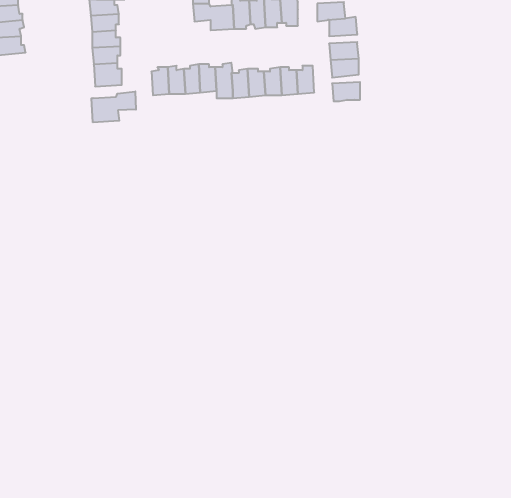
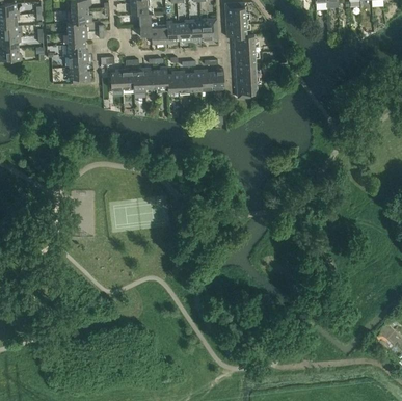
building: [91,91,136,122] -> none

